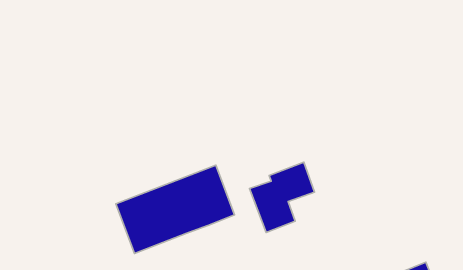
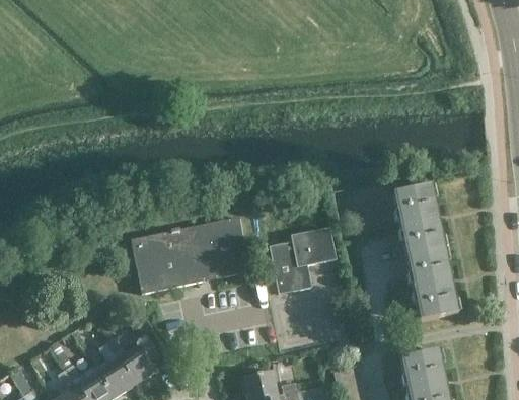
building: none -> [392,183,458,319]

